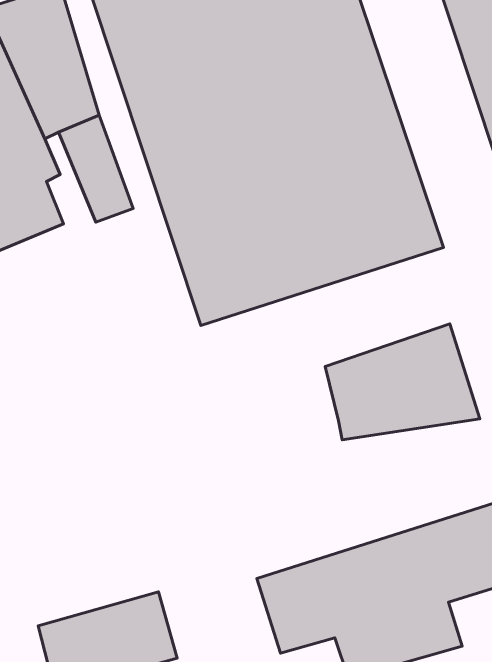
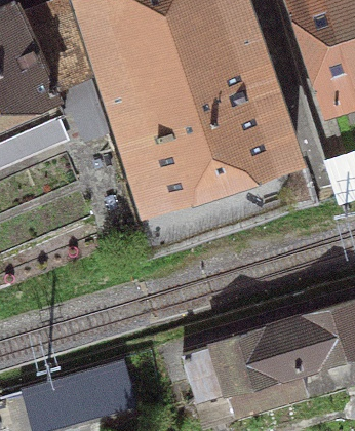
building: [325,324,480,440] -> none

